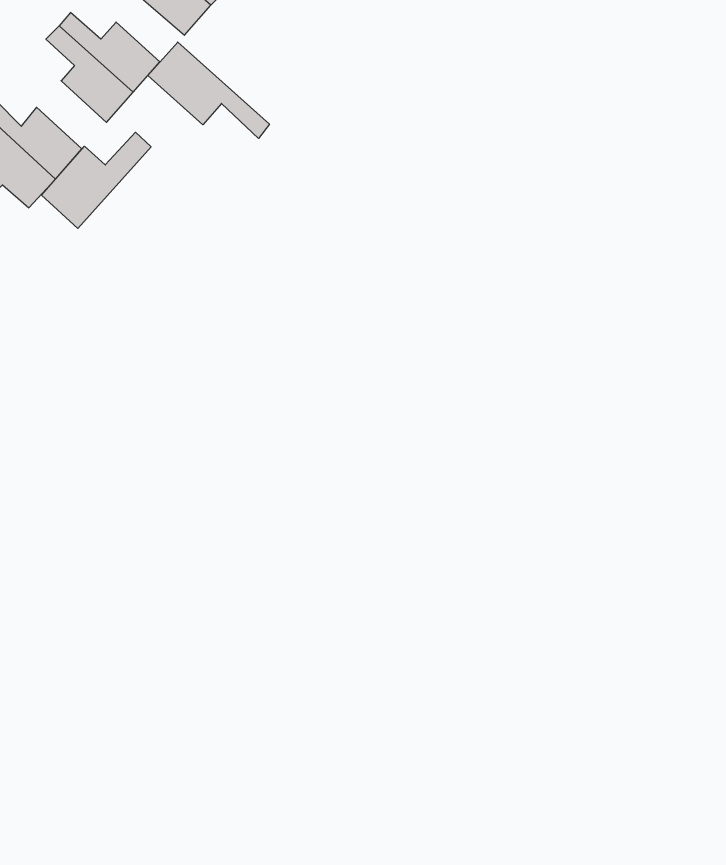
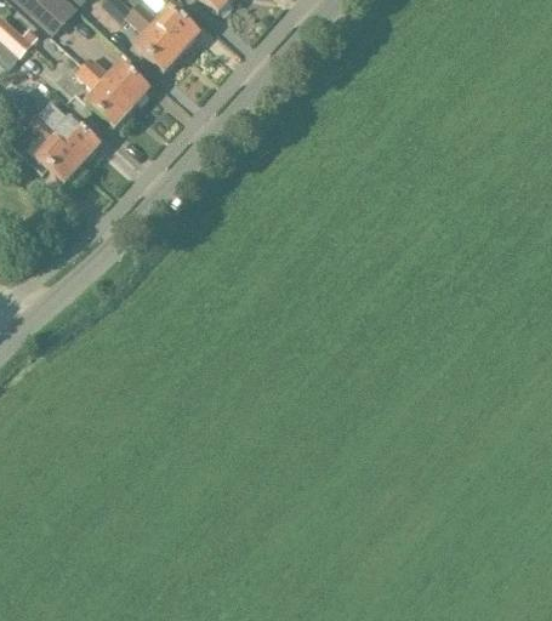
building: [148,42,269,138] -> none
building: [41,132,151,228] -> none

